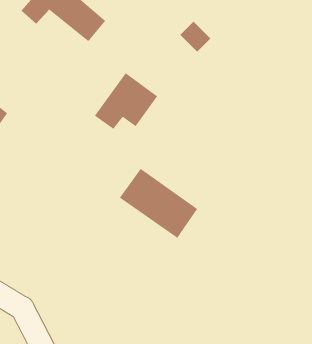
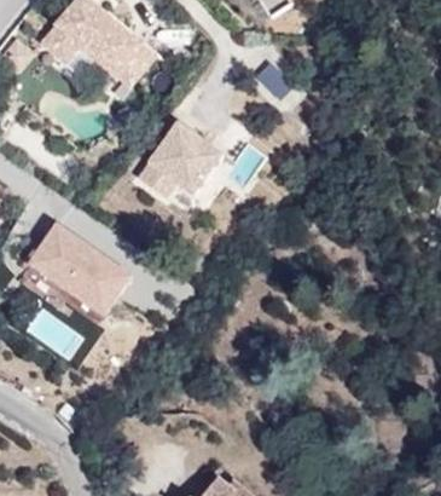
building: [119,168,198,239] -> [28,223,130,315]

